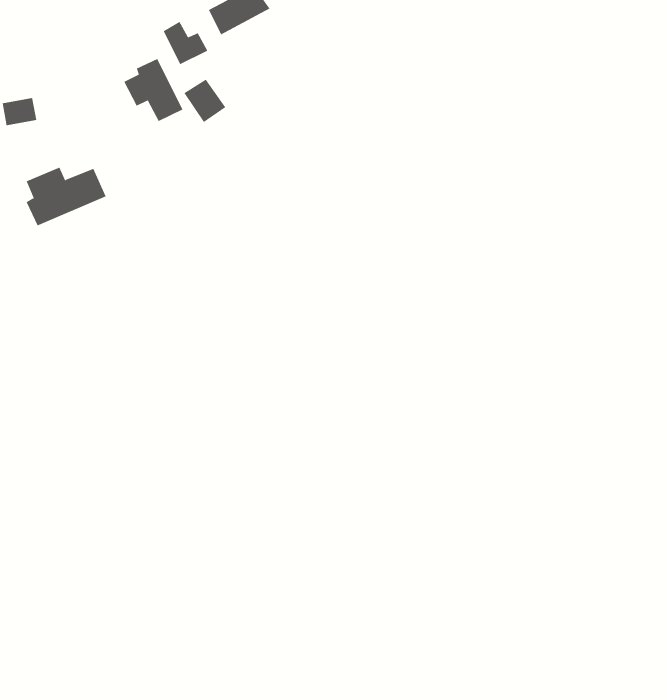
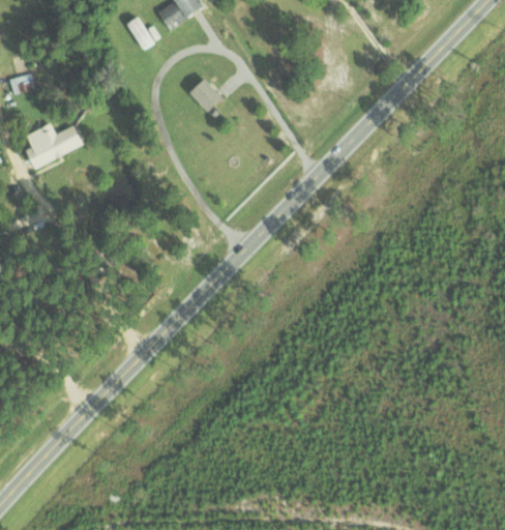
building: [124,58,183,122] -> none
building: [184,79,226,123] -> [194,79,225,111]

